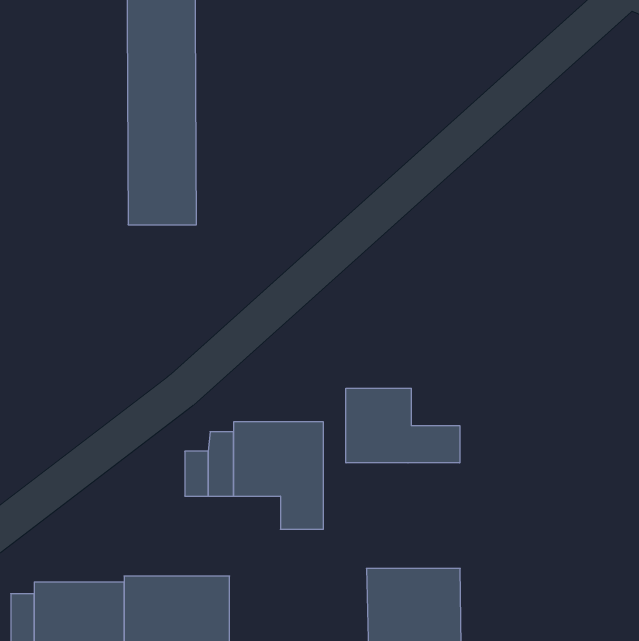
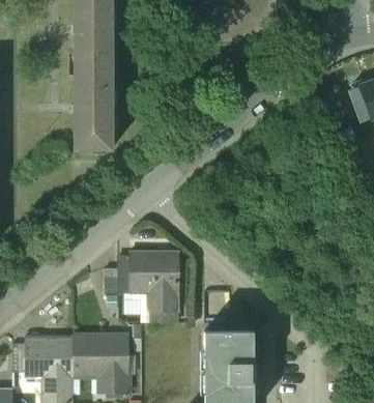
building: [346,388,460,463] -> none

